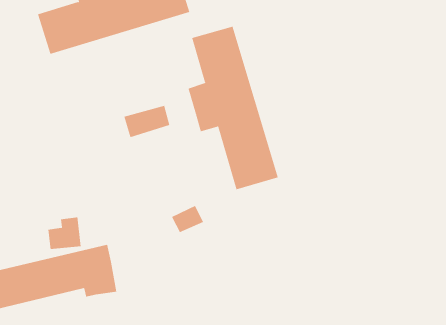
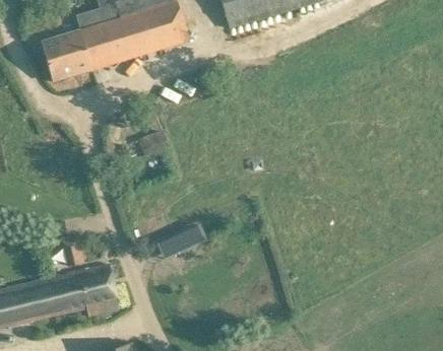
building: [188,26,278,190] -> none

